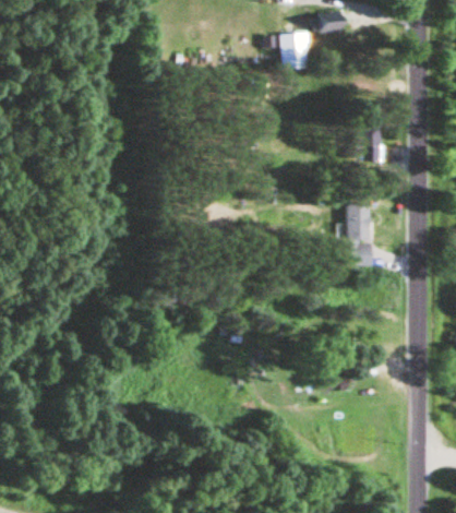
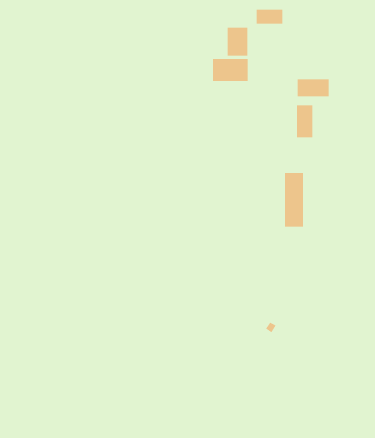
building: none -> [213,58,248,82]
building: none -> [297,78,329,97]

